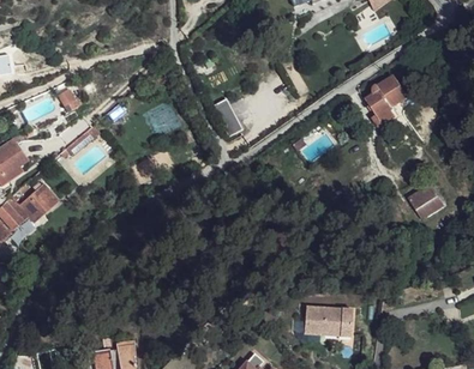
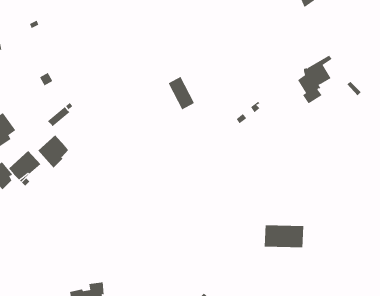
building: none -> [38,135,69,169]
building: [412,182,446,217] -> none
building: [302,307,350,334] -> [264,225,304,248]

